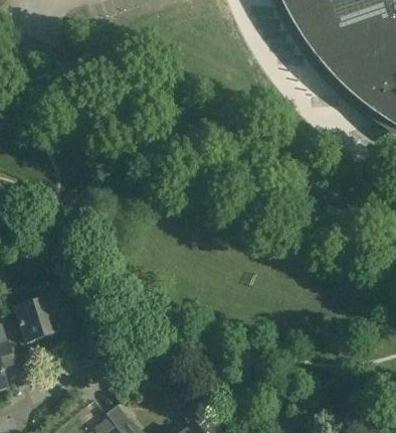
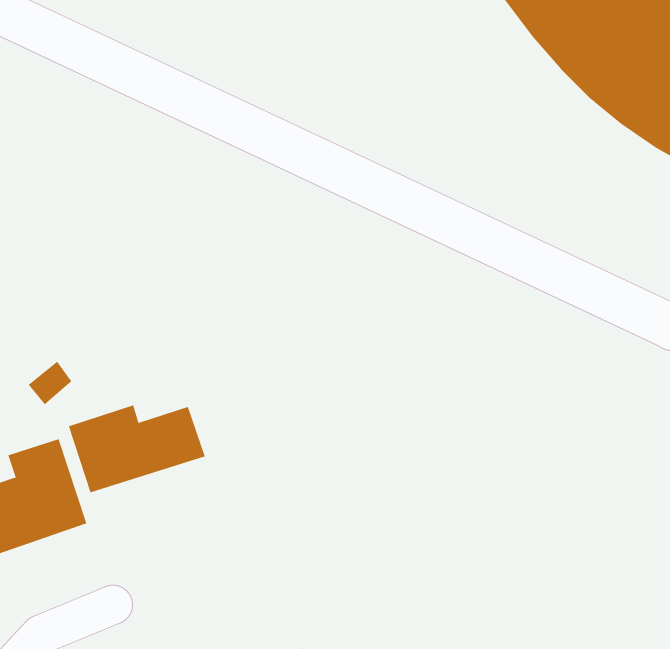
building: none -> [68,404,206,493]

